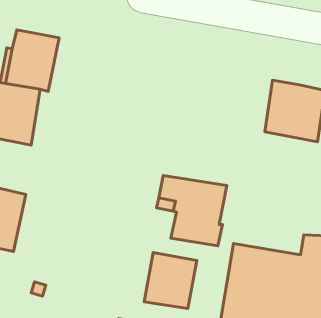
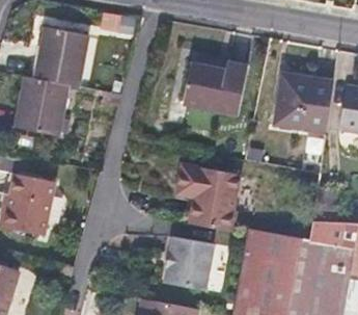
building: none -> [184,62,249,117]

